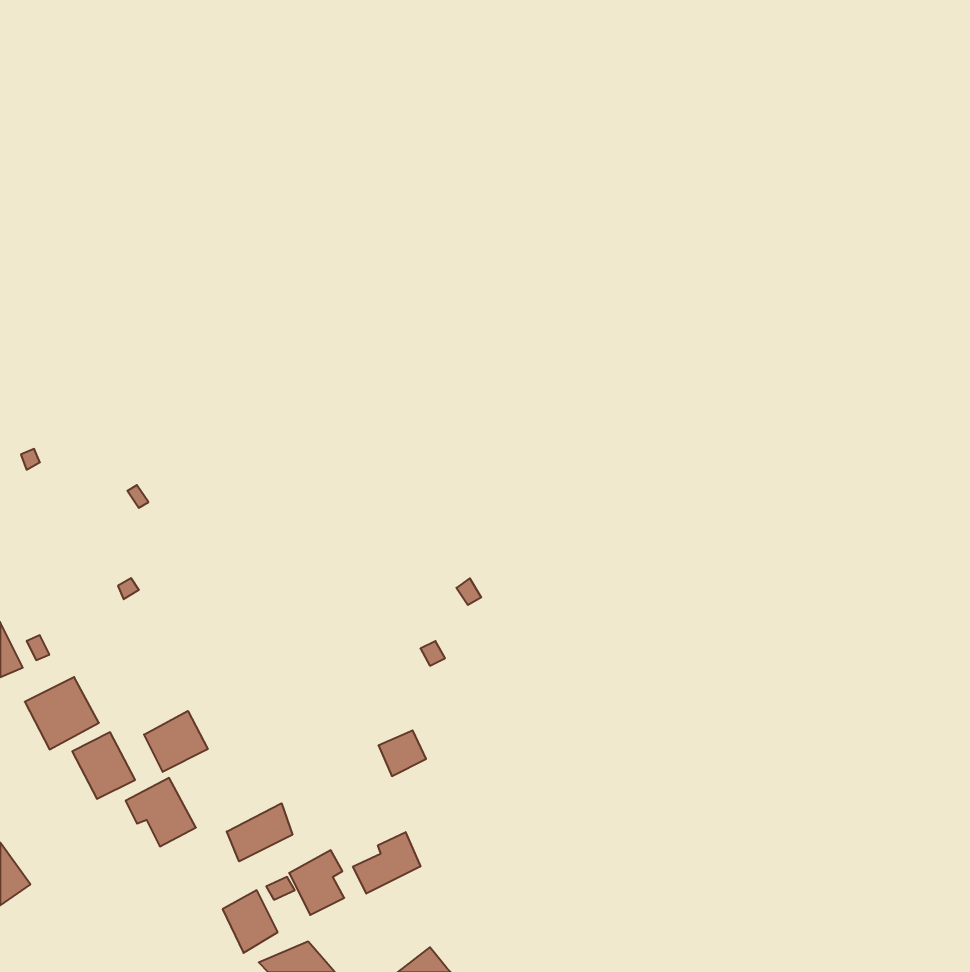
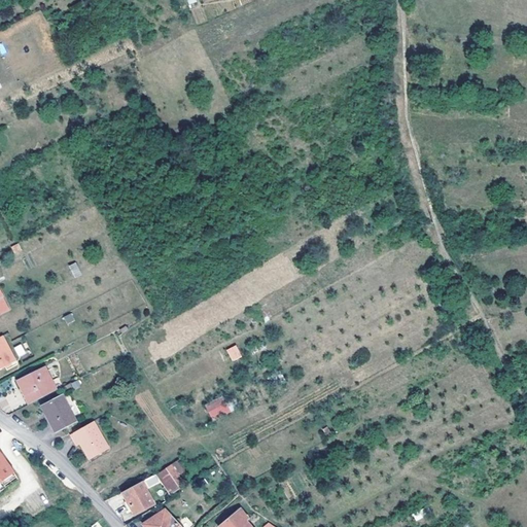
building: [144,711,208,772] -> none
building: [227,803,292,861] -> none
building: [353,832,420,894] -> none

